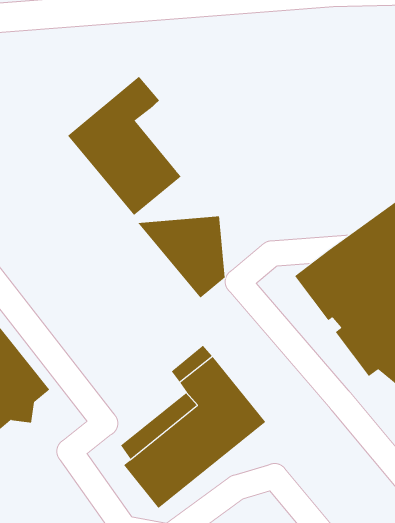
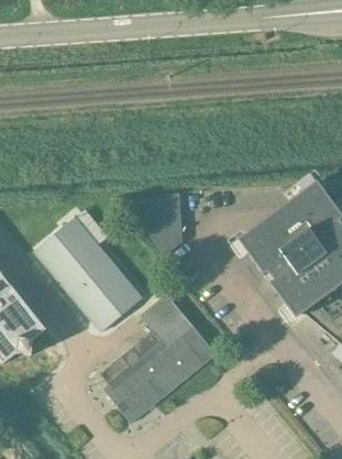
building: [67,76,182,216] -> none
building: none -> [36,216,144,331]

